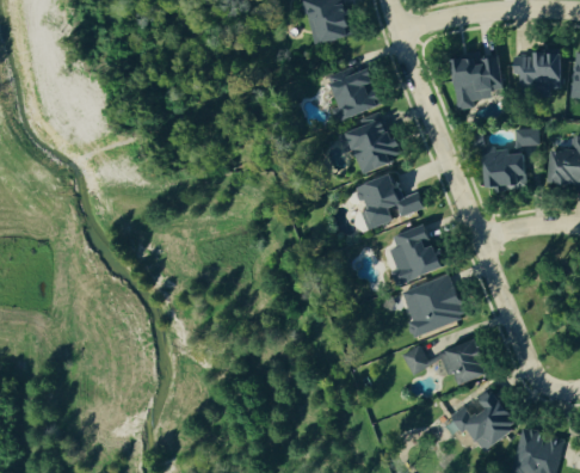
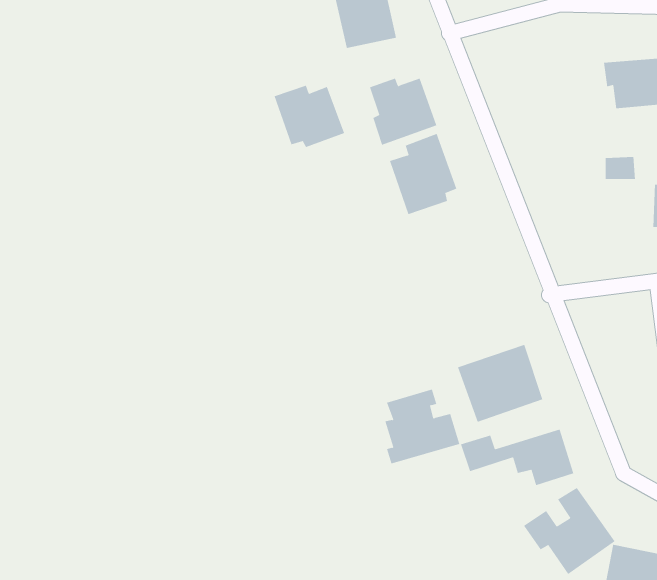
building: [452,55,500,109] -> none
building: none -> [274,85,345,148]
building: [483,148,527,190] -> none
building: [354,173,422,228] -> none
building: [388,225,446,283] -> [385,389,460,464]

